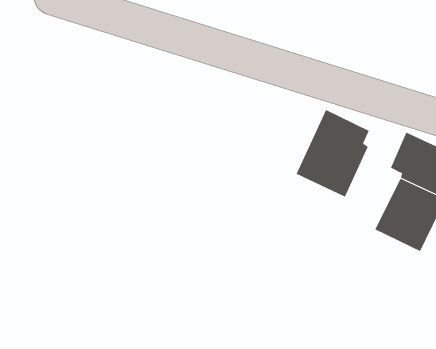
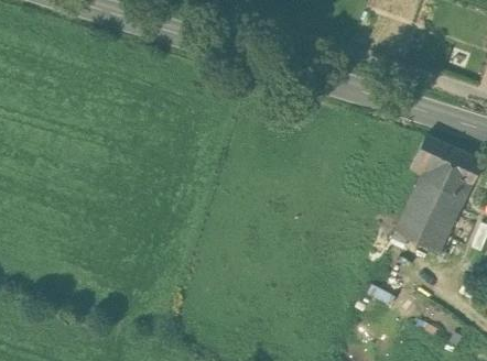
building: [296,109,369,198] -> none

